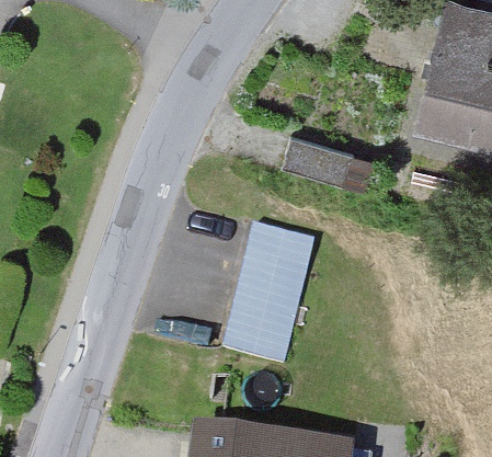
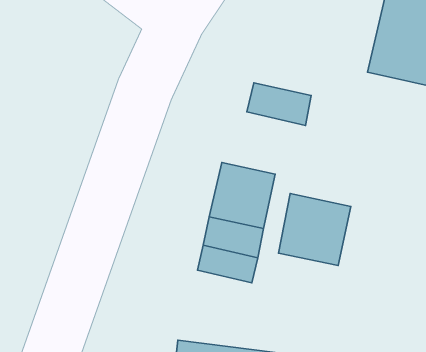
building: none -> [279,194,351,266]

